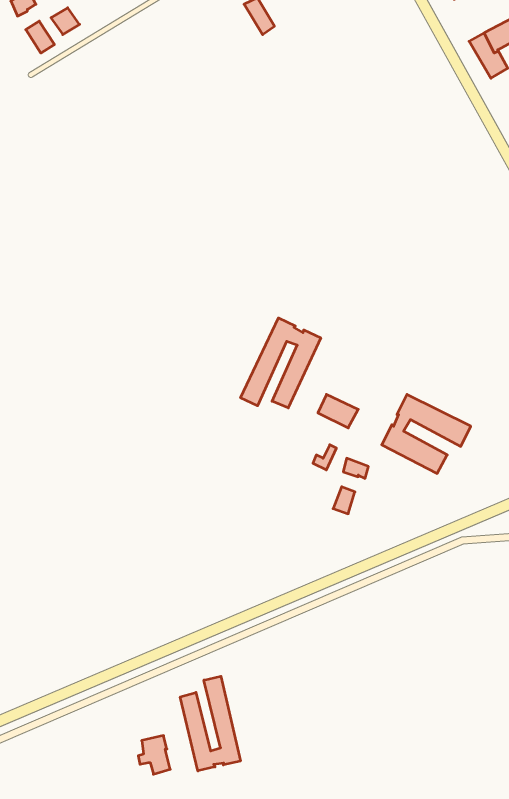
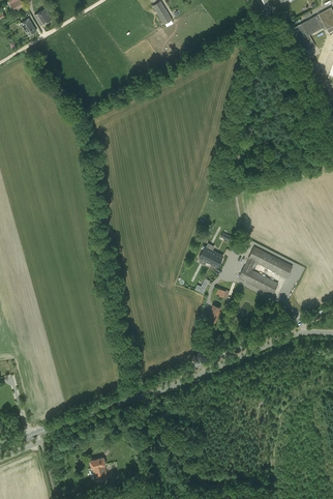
building: [241,318,321,408] -> none
building: [180,676,240,771] -> none

